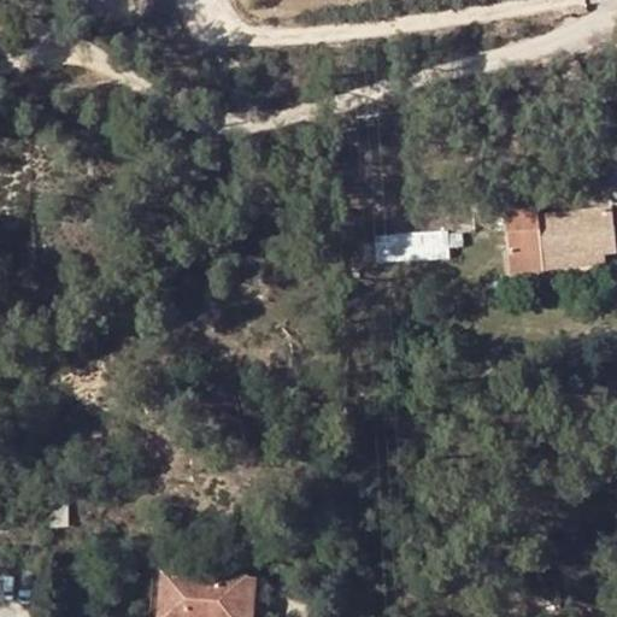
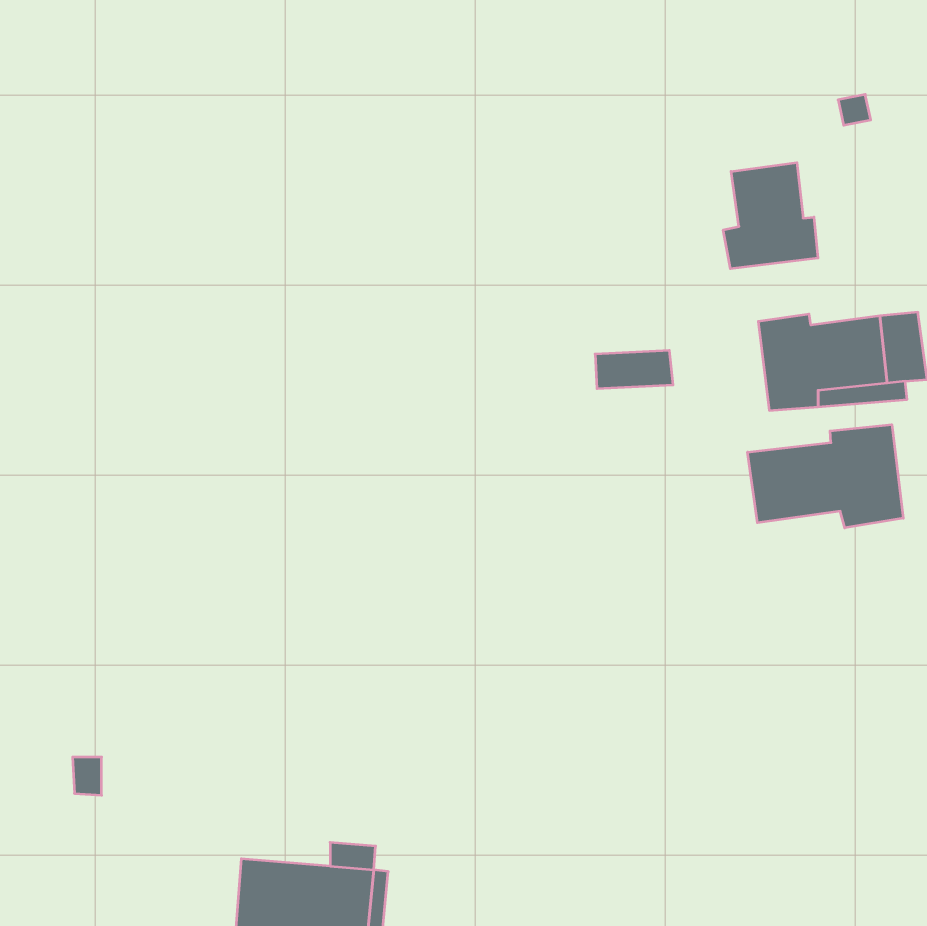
building: none -> [723,163,818,269]
building: none -> [748,425,903,528]

